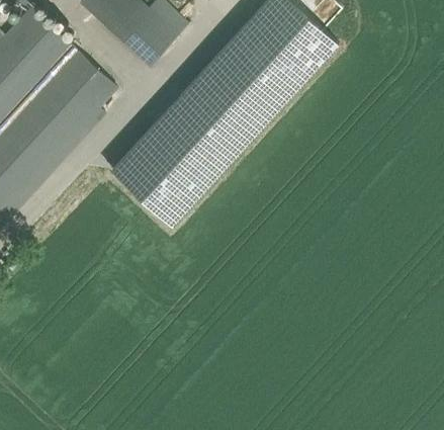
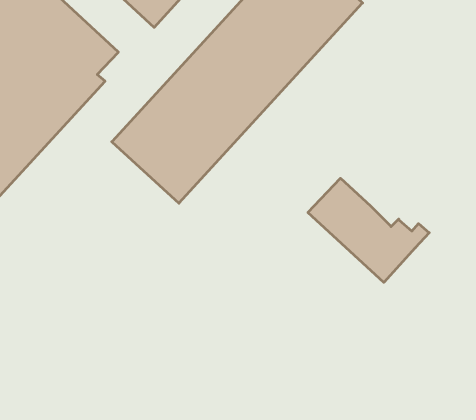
building: none -> [308,178,429,282]

